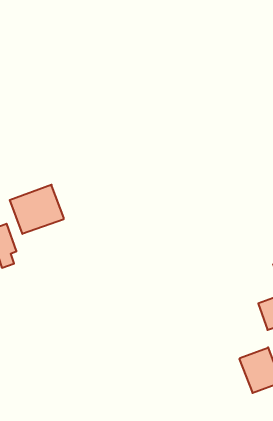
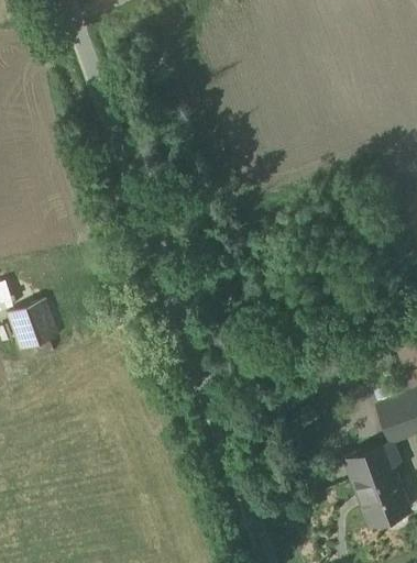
building: [10,185,64,234] -> none
building: none -> [349,449,391,478]

